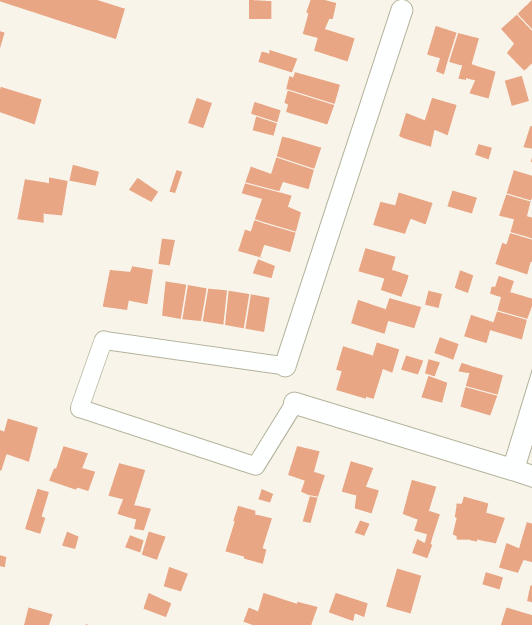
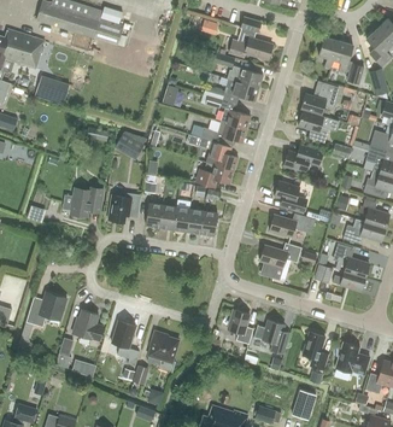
building: none -> [298,109,339,142]
building: [17,177,68,223] -> [70,186,104,216]
building: [225,505,273,564] -> [147,331,178,369]

